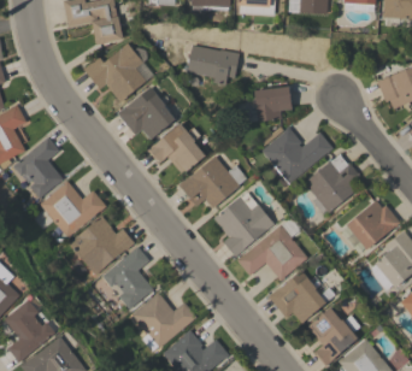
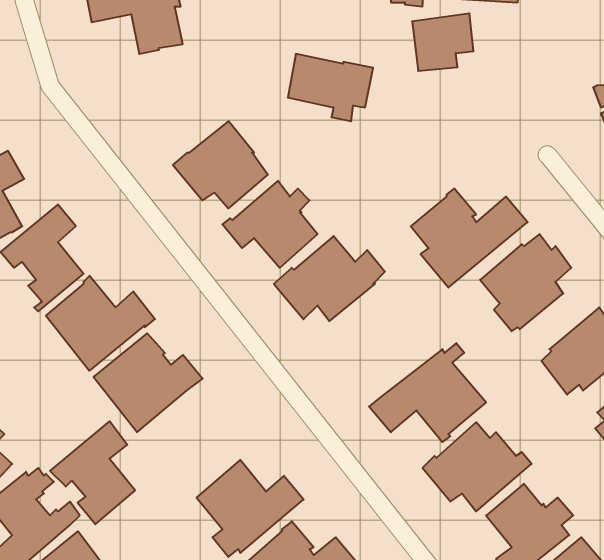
building: [83,42,153,101] -> none
building: [254,86,292,120] -> [412,14,474,71]
building: [213,192,273,257] -> none
building: [101,246,153,308] -> [50,421,135,524]

